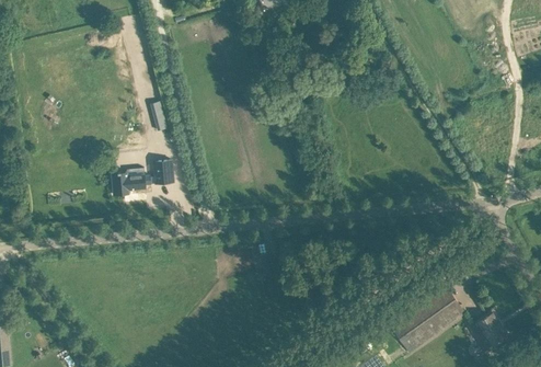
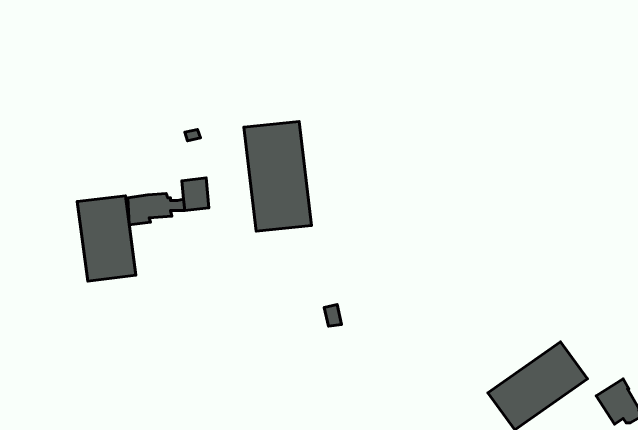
building: none -> [244,121,311,231]
building: none -> [77,196,136,281]

